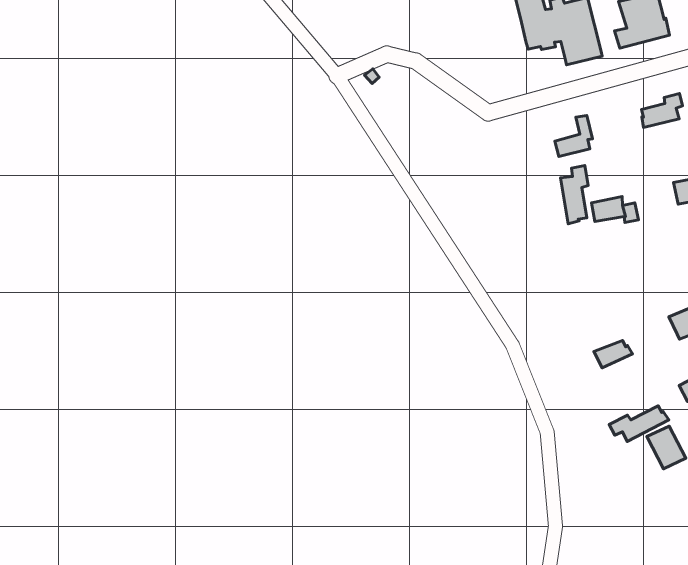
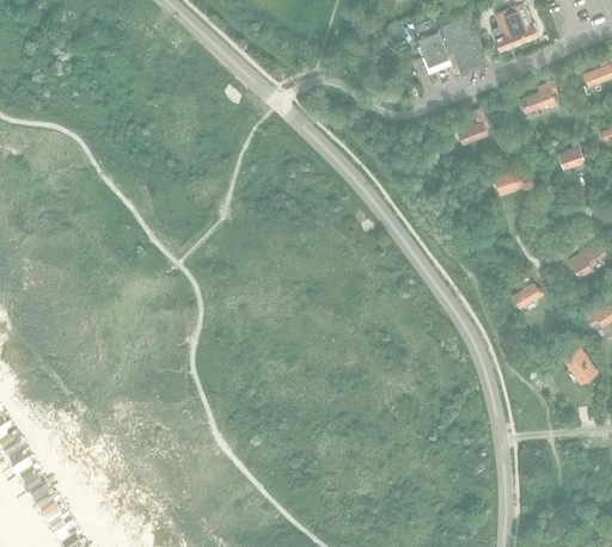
building: [560,166,588,224] -> none
building: [609,406,669,441] -> none

